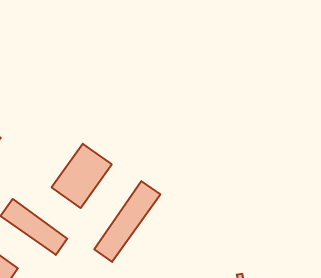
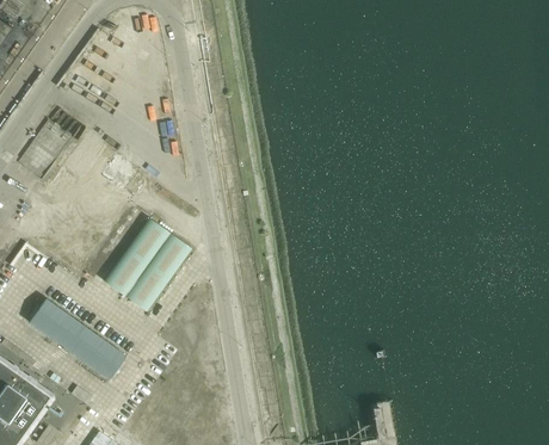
building: [94,181,160,262] -> none

